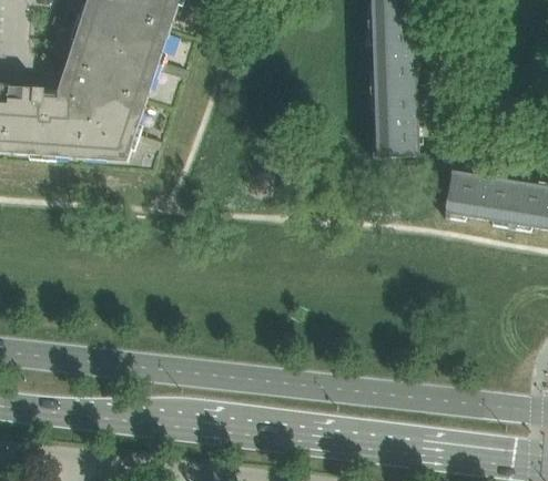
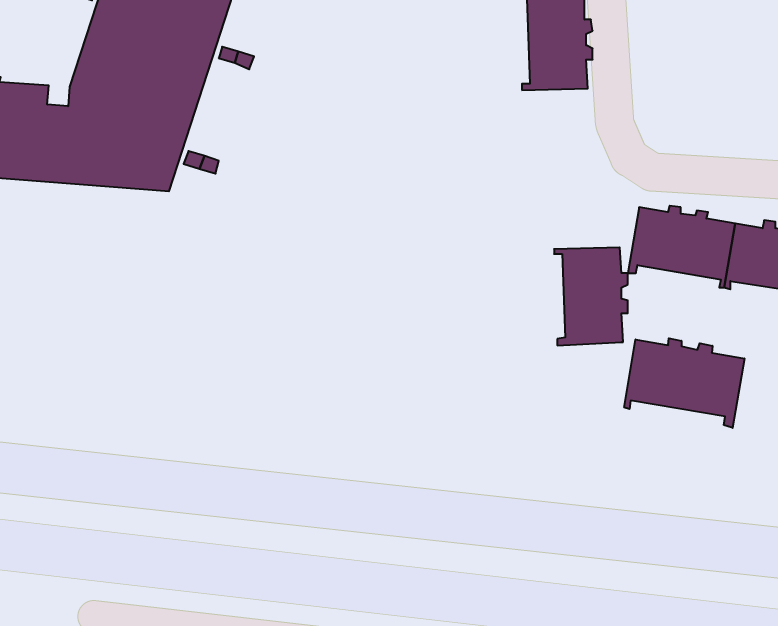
building: [369,91,420,158] -> [554,247,628,345]
building: none -> [624,338,744,428]

